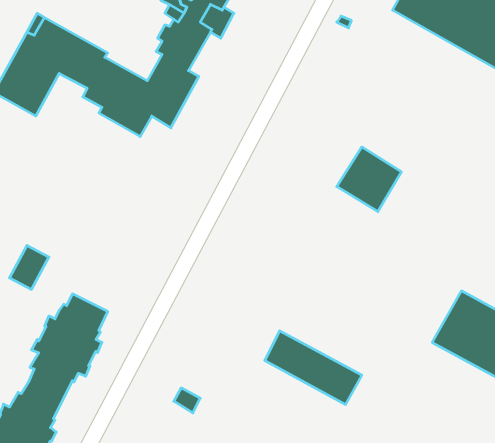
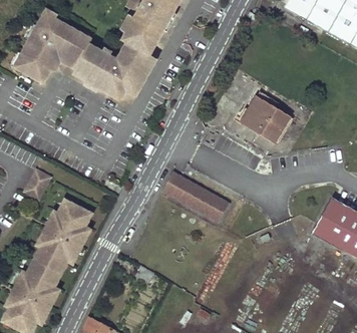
building: none -> [240,92,278,128]
building: [265,331,362,404] -> [162,171,229,221]

